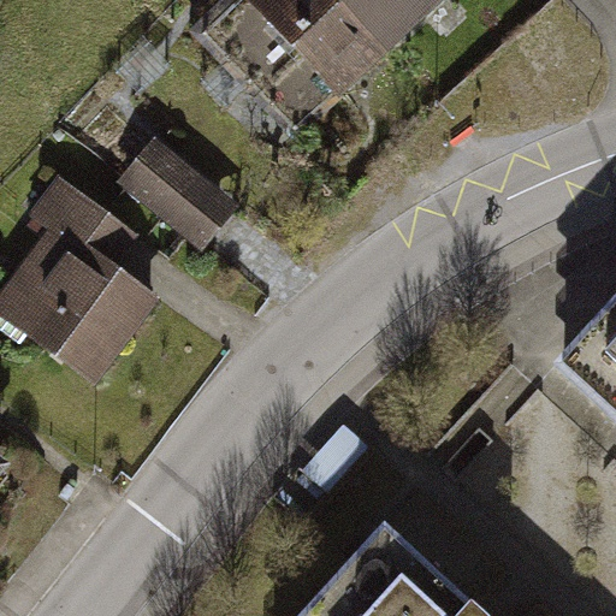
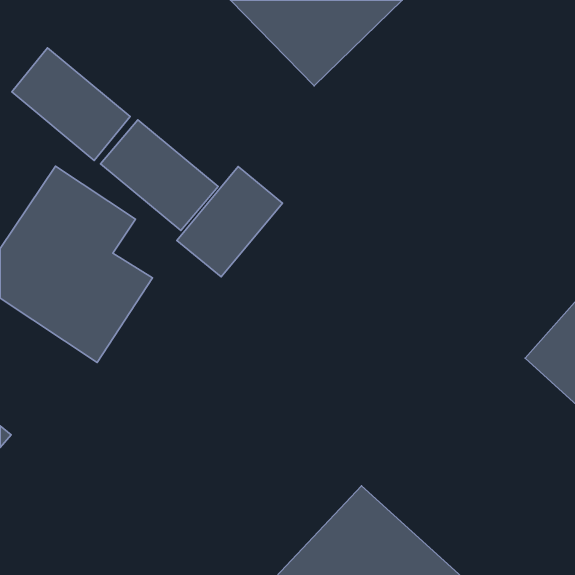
building: none -> [12,48,130,161]
building: none -> [177,167,283,277]

